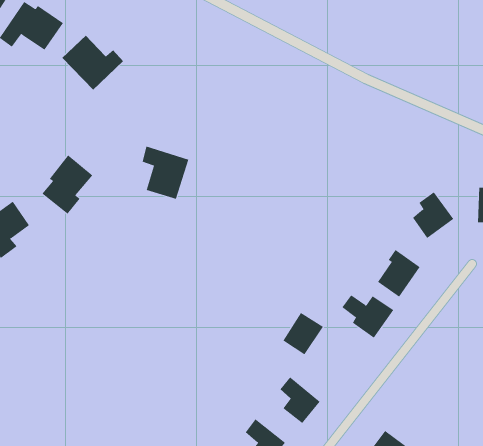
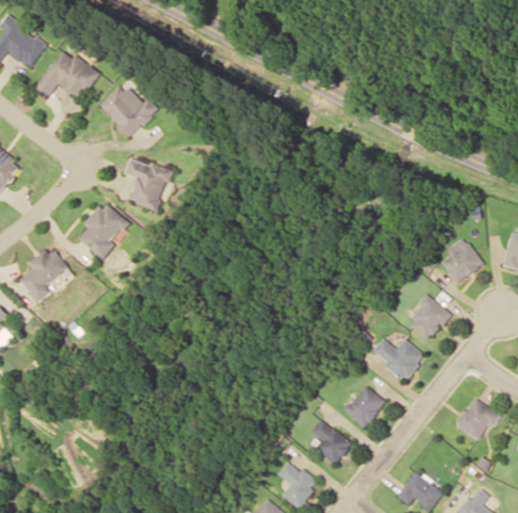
building: [142,146,189,200] -> [125,158,171,211]
building: [283,312,324,355] -> [345,385,385,427]
building: none -> [455,398,500,440]

